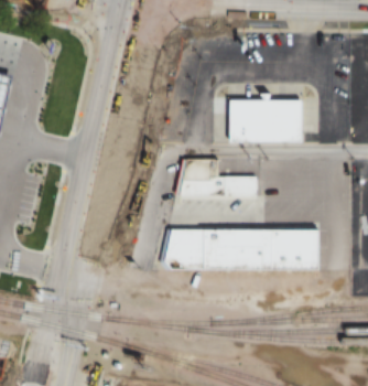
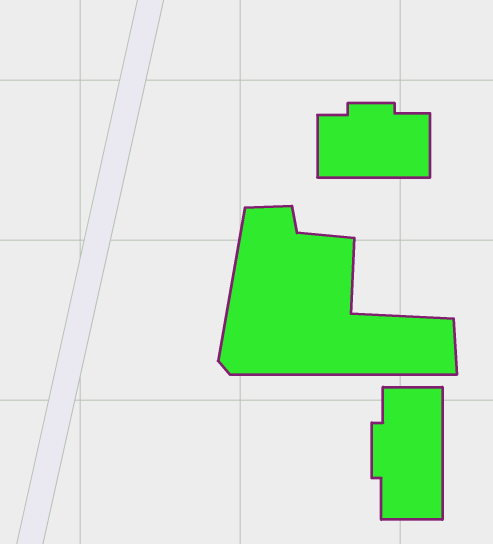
building: none -> [372,387,442,520]

